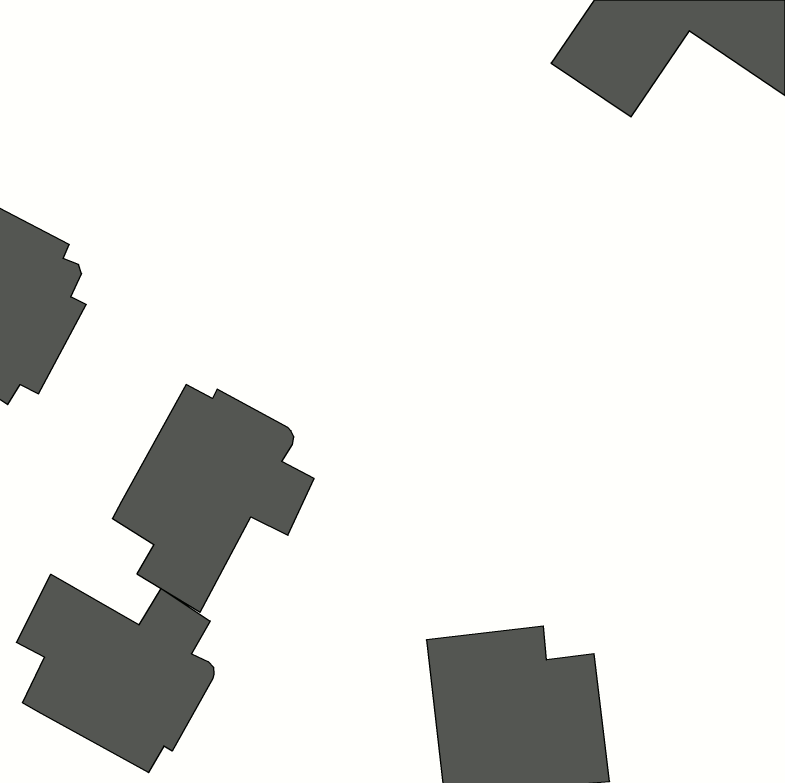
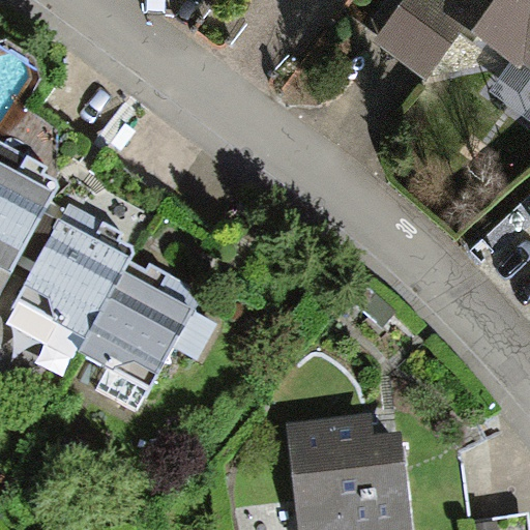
building: none -> [10,203,129,340]
building: [16,574,214,773] -> none

